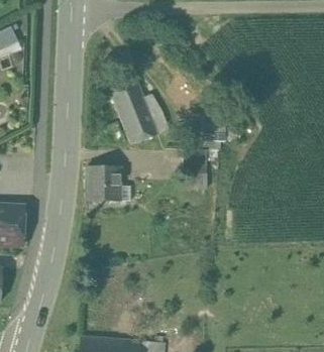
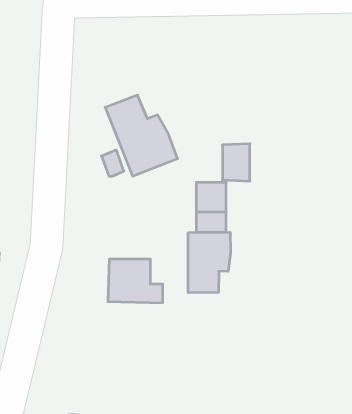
building: [86,166,130,202] -> [108,259,163,303]
building: none -> [188,232,231,293]

